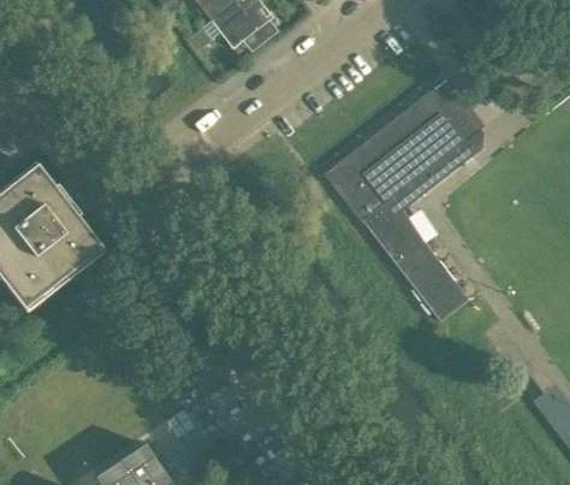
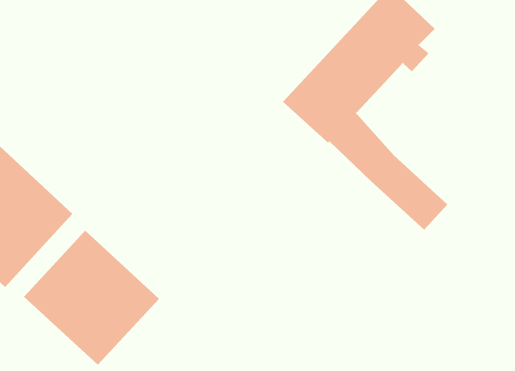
building: none -> [23,230,160,366]

